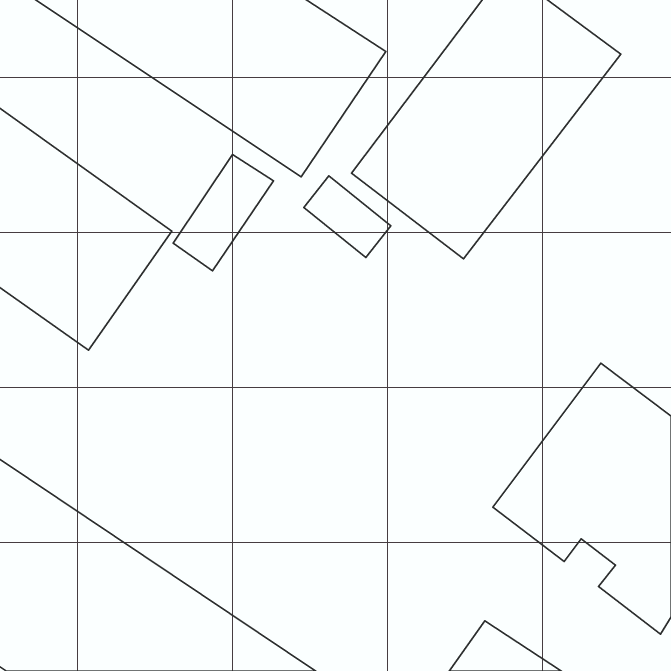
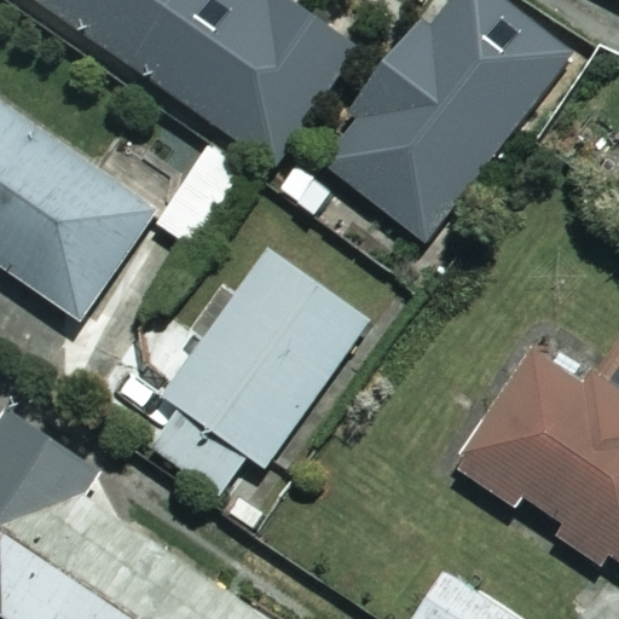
building: none -> [137,250,372,508]

